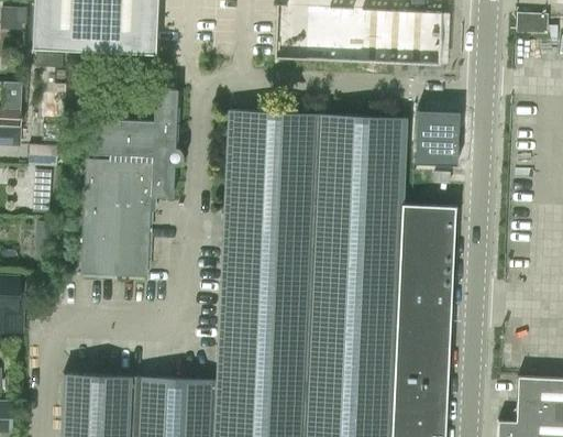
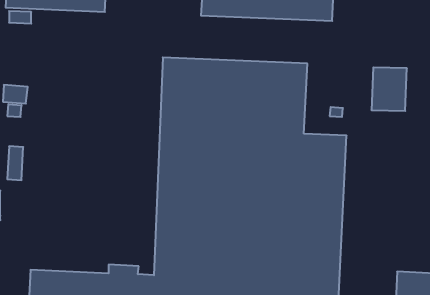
building: [81,89,183,276] -> none
building: [416,111,460,165] -> [371,67,407,111]

